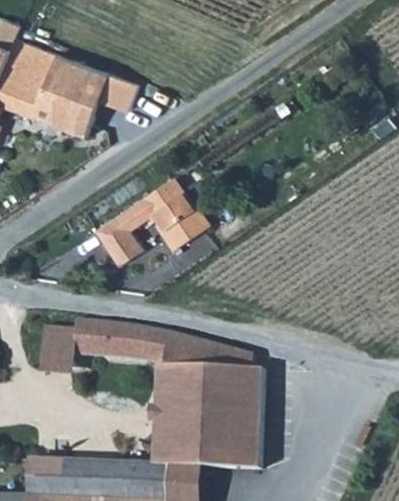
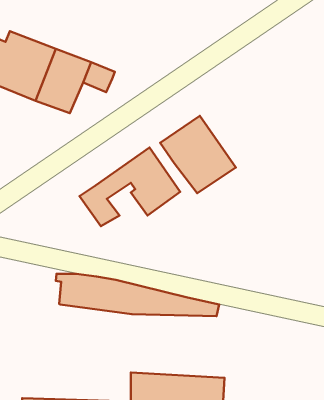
building: none -> [160,116,236,193]
building: [39,325,73,377] -> none
building: [148,364,264,437] -> none

